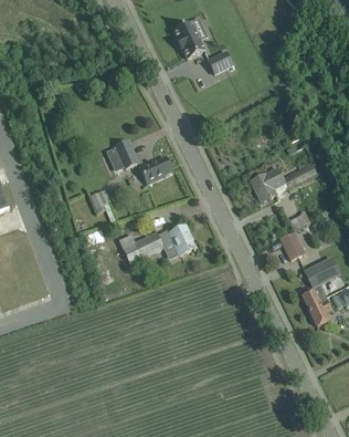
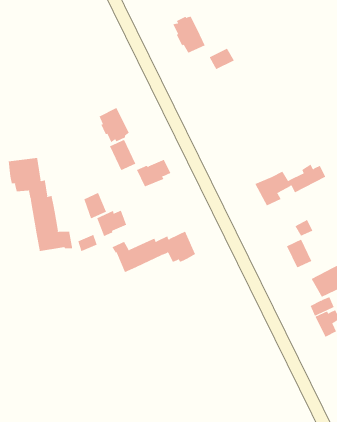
building: none -> [99,107,129,143]
building: none -> [8,157,73,252]
building: none -> [96,210,127,237]

